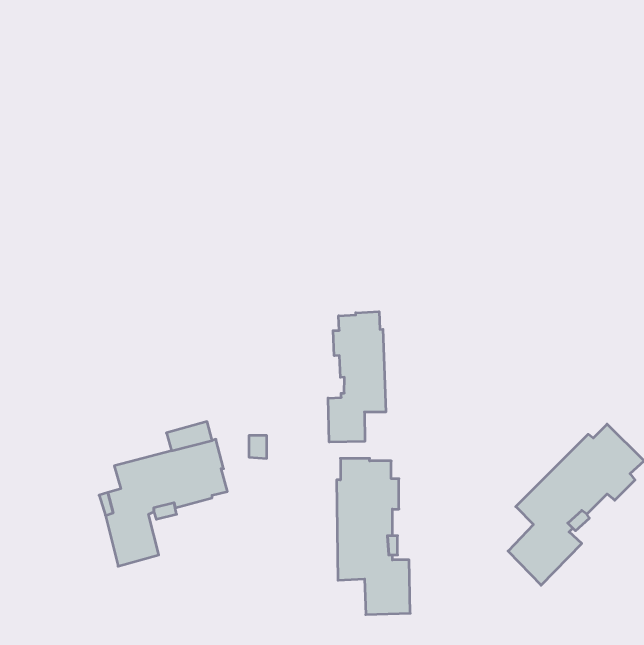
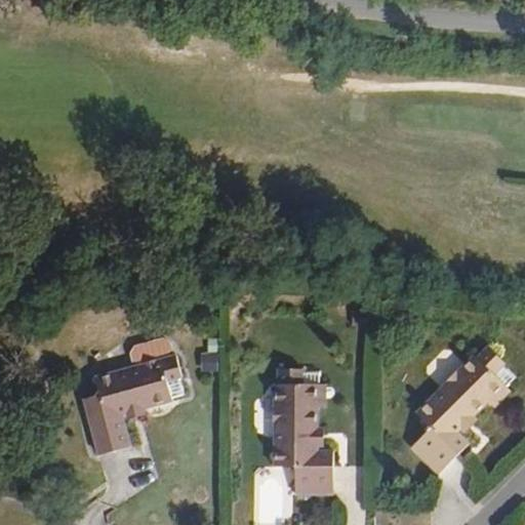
building: [328,312,386,442] -> none

